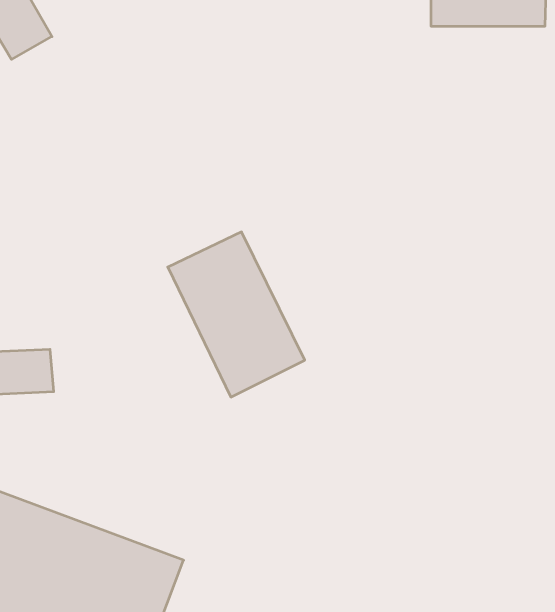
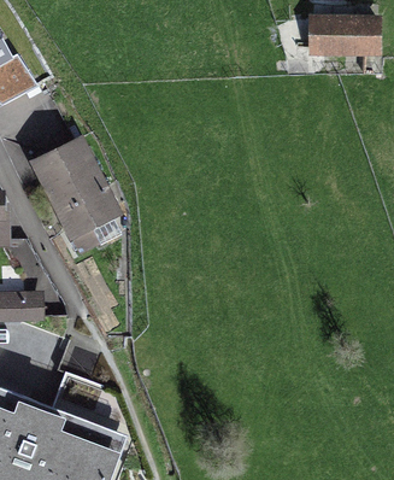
building: [168,232,305,397] -> [29,135,123,248]

